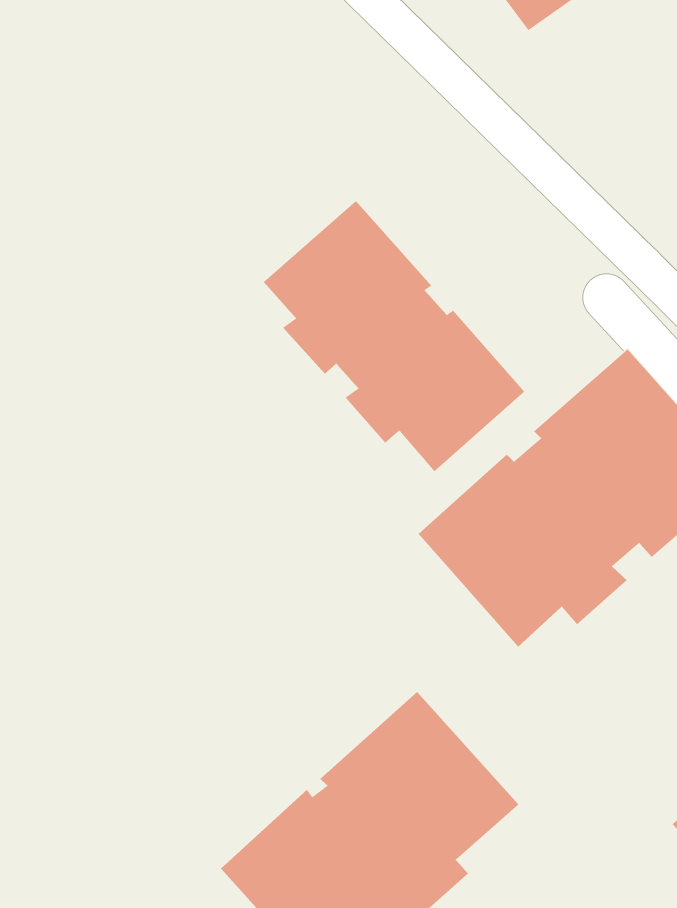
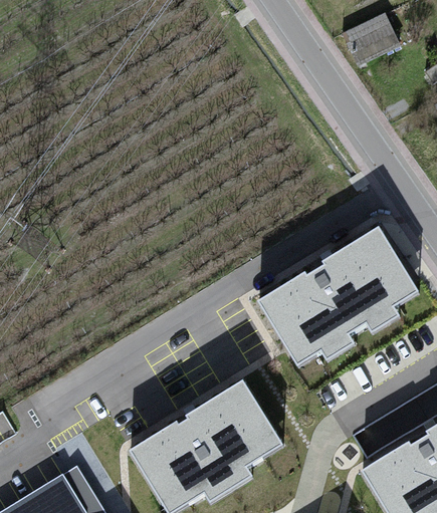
building: [263,200,525,472] -> none

